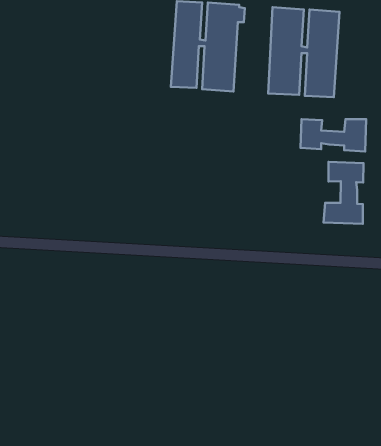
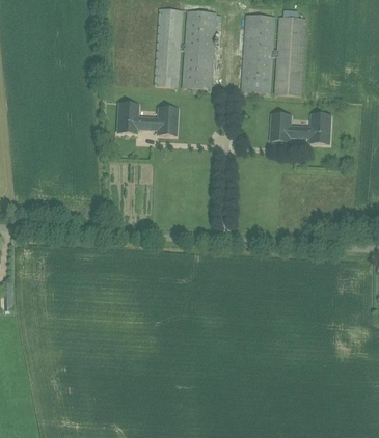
building: none -> [117,103,178,135]
building: [324,162,363,224] -> none

